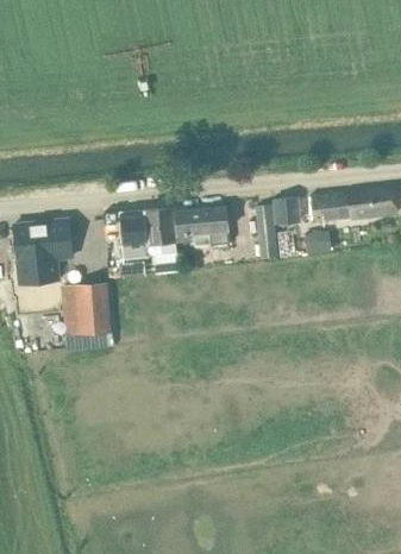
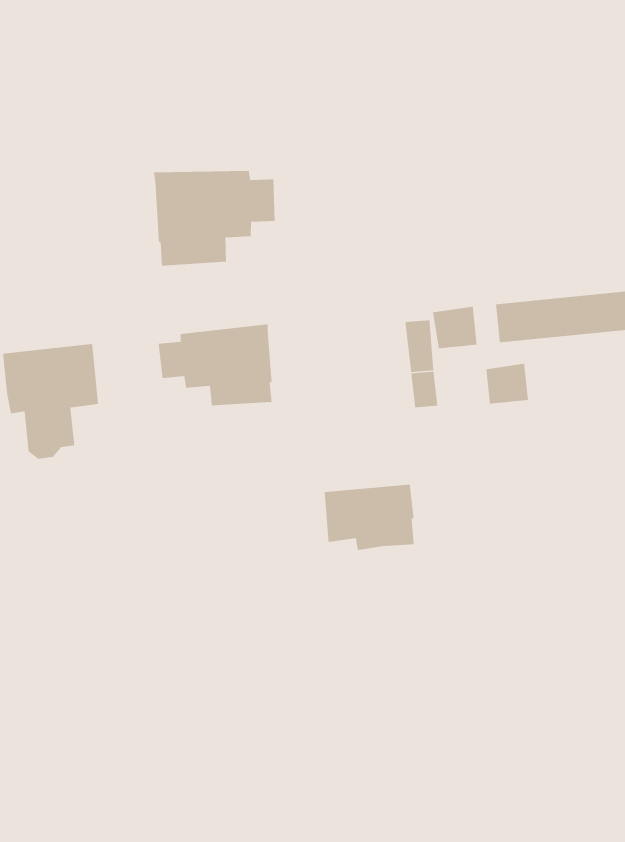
building: none -> [153,170,275,267]
building: [174,207,228,247] -> [324,484,414,551]
building: [62,283,112,352] -> none

